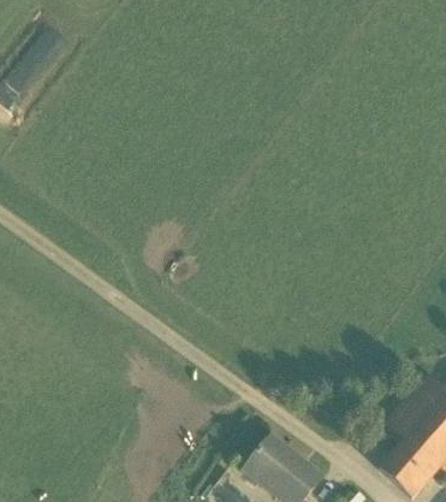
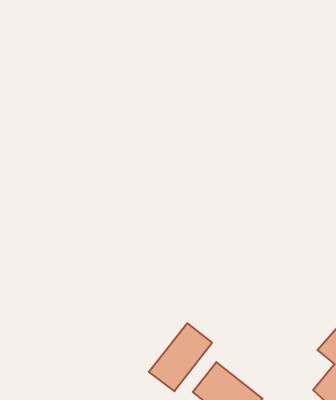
building: none -> [149,323,212,391]

